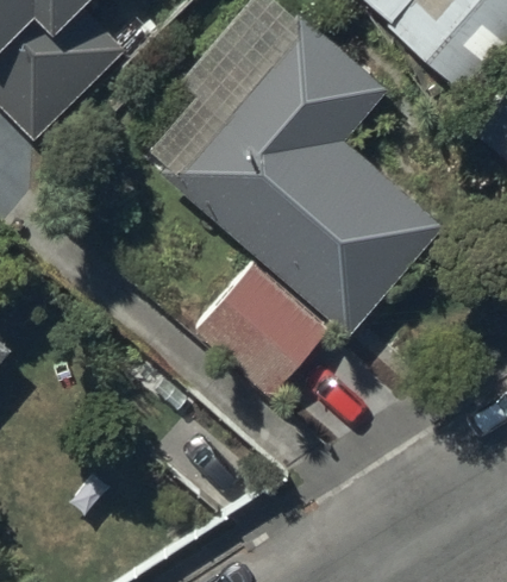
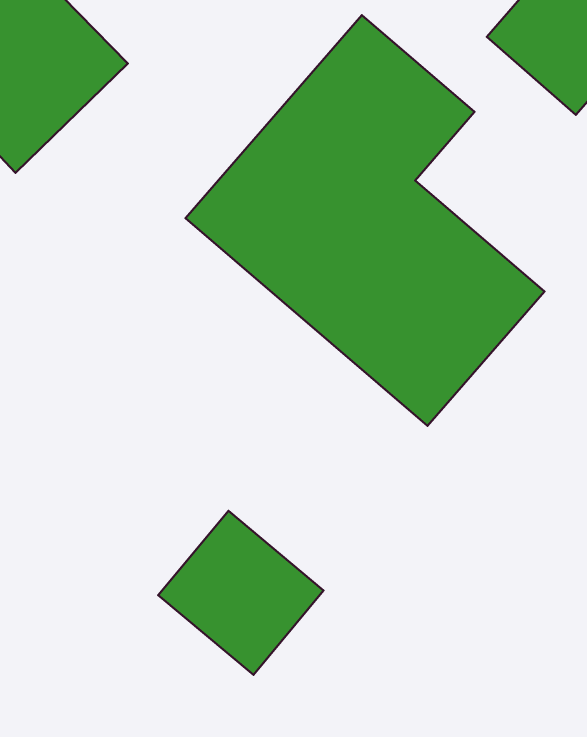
building: [201,270,327,395] -> [158,511,324,675]

